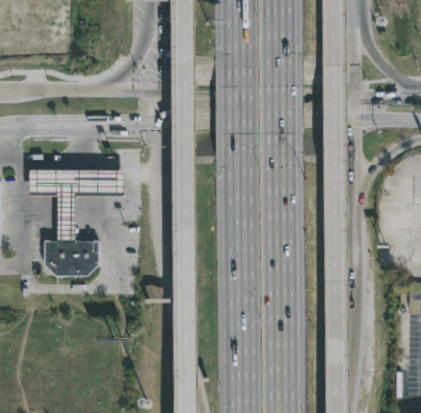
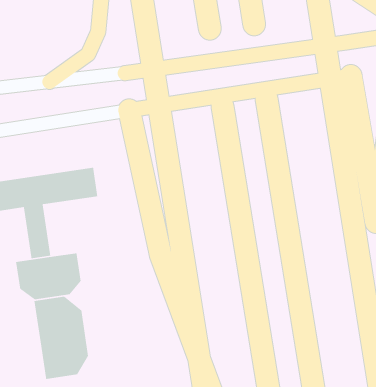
building: none -> [34,296,89,380]

